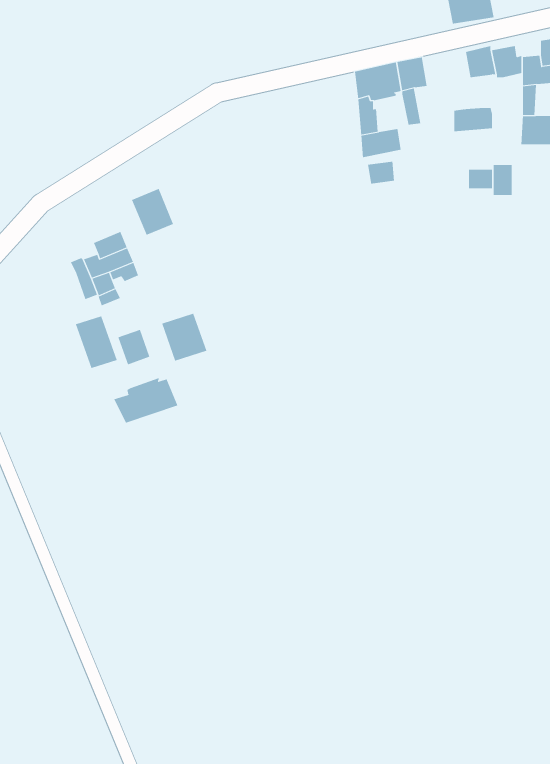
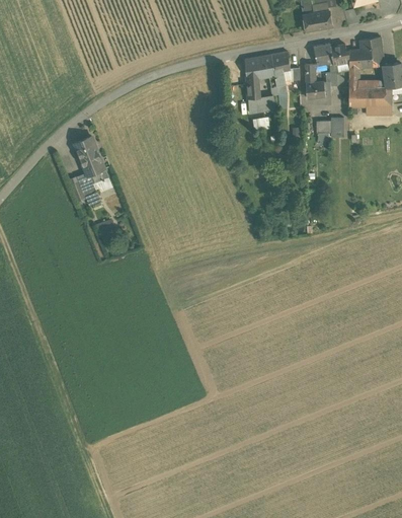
building: [131,188,174,236] -> [74,137,100,166]
building: [161,313,207,362] -> none
building: [75,316,117,369] -> none
building: [113,378,178,423] -> none

